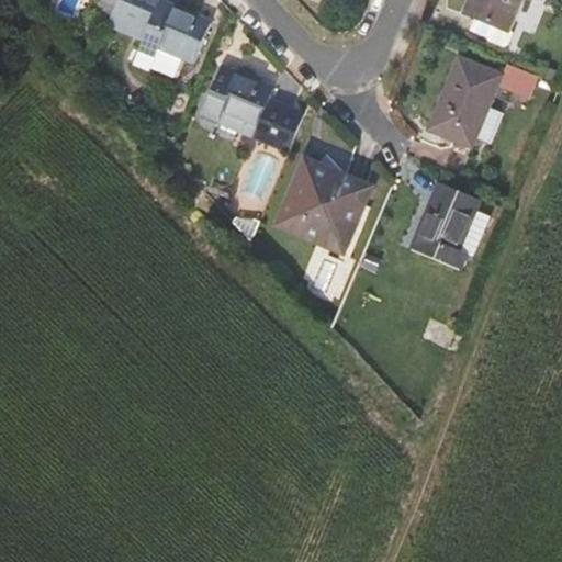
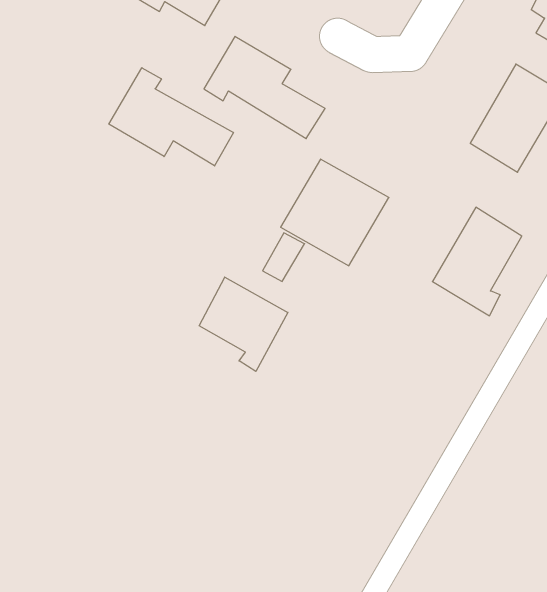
building: none -> [109,68,233,166]
building: none -> [199,277,288,371]

